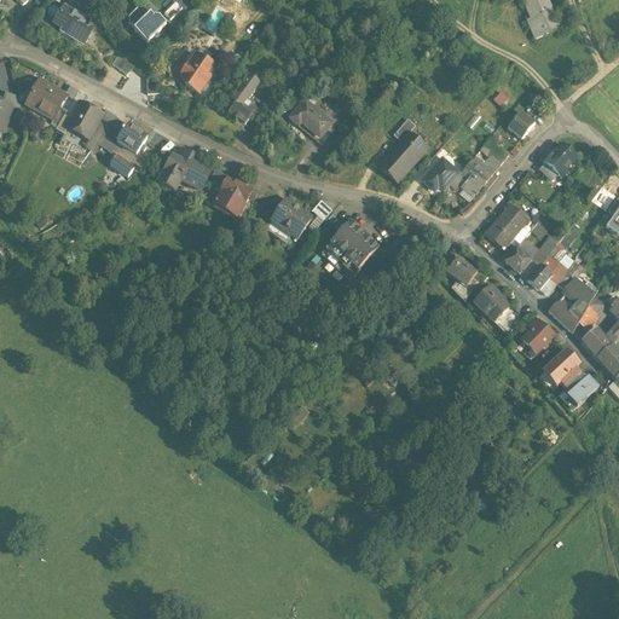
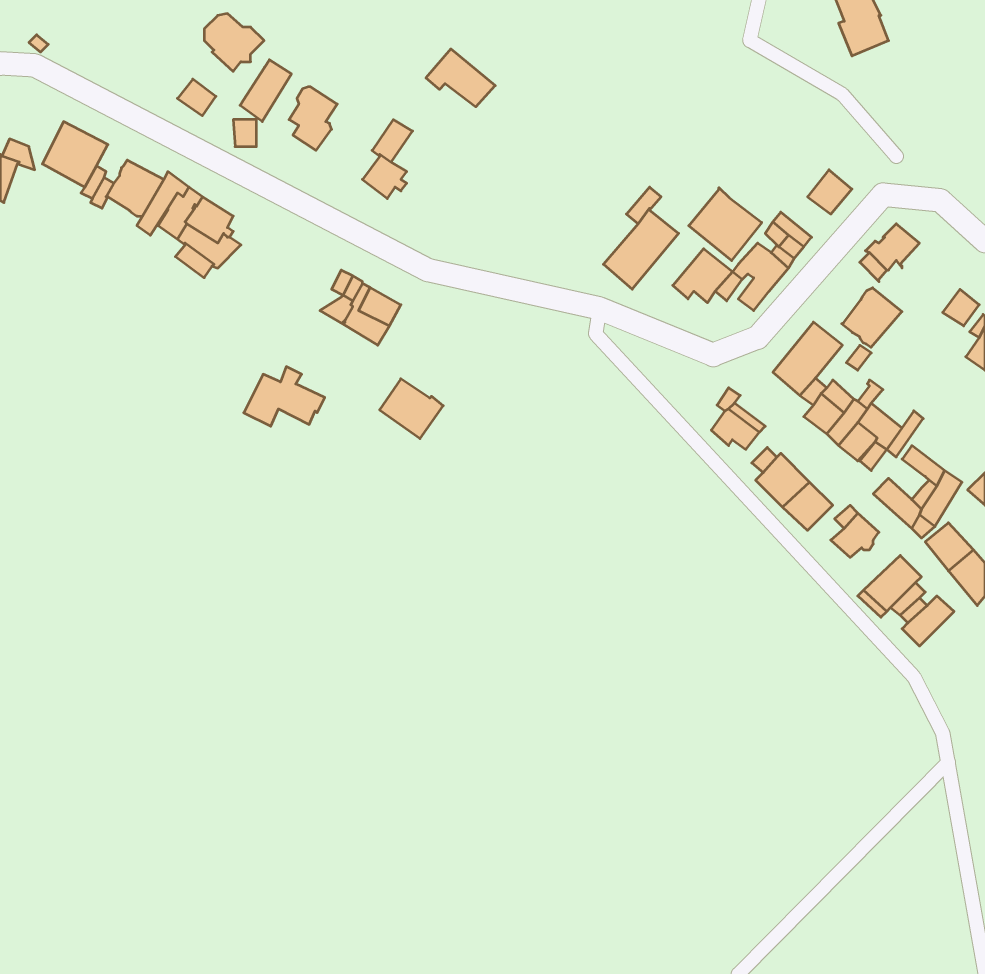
building: [54,5,94,40] -> none
building: none -> [240,60,291,122]
building: [288,100,331,137] -> [426,49,495,107]
building: none -> [689,188,762,261]
building: [158,152,209,190] -> [244,367,325,426]
building: none -> [842,288,902,347]
building: [271,201,311,238] -> [380,379,443,439]
building: [322,221,378,278] -> none

